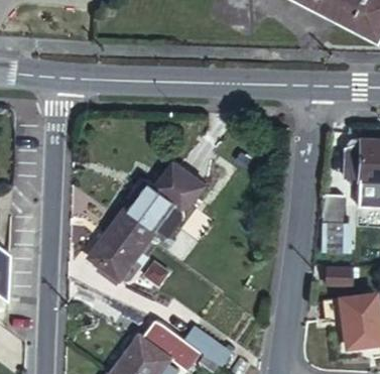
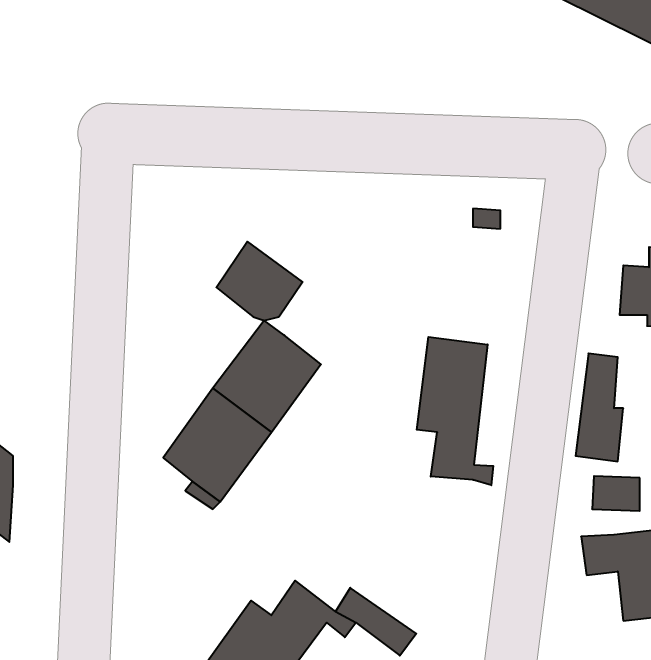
building: [157,162,205,206] -> [216,242,303,320]
building: none -> [417,337,493,485]

